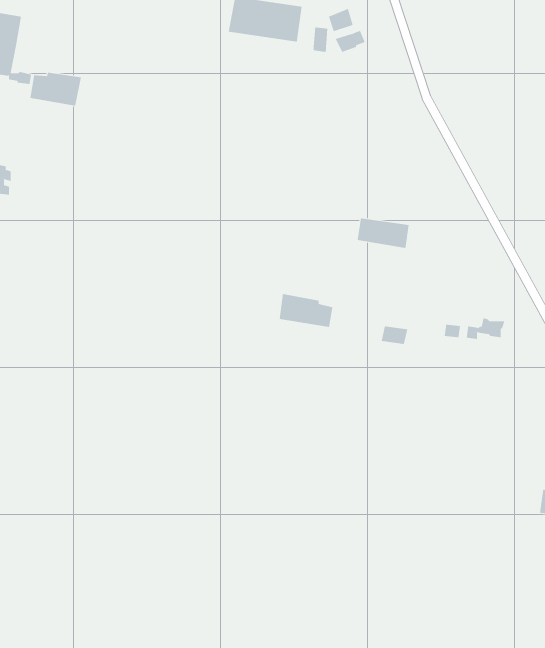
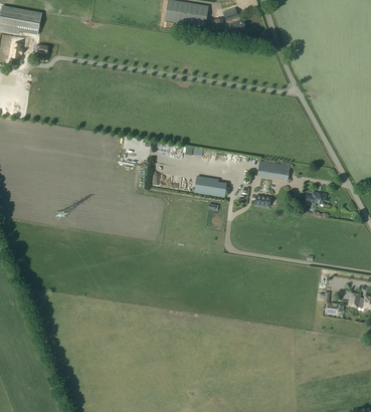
building: [30,72,82,107] -> none
building: [357,218,410,249] -> [258,160,290,178]

